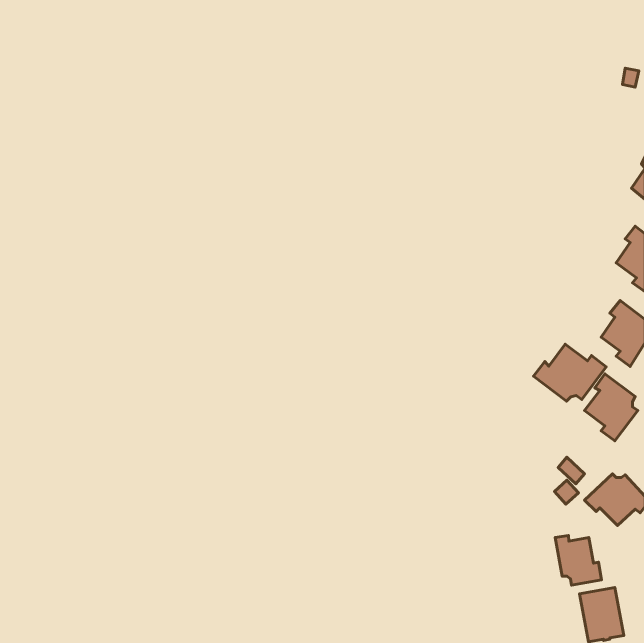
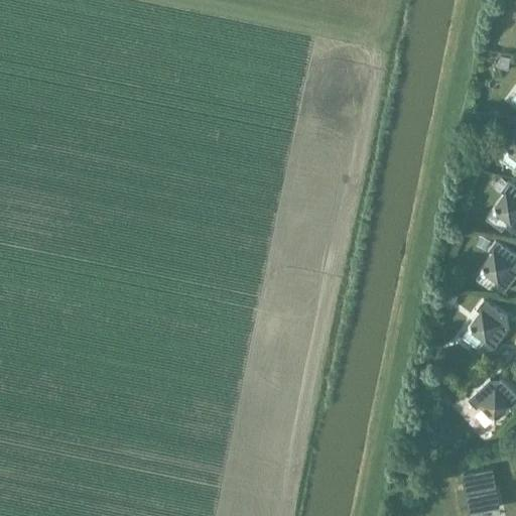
building: [533,344,606,401] -> none
building: [555,535,601,585] -> none

